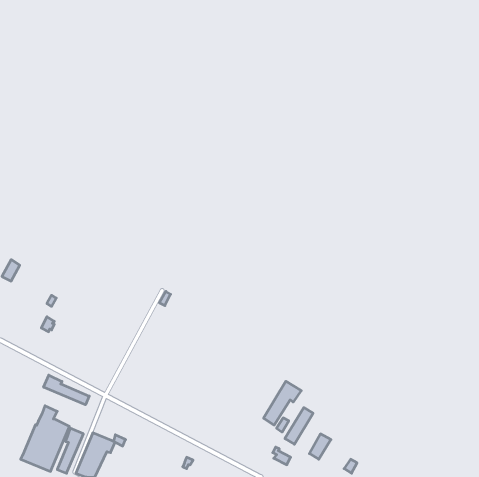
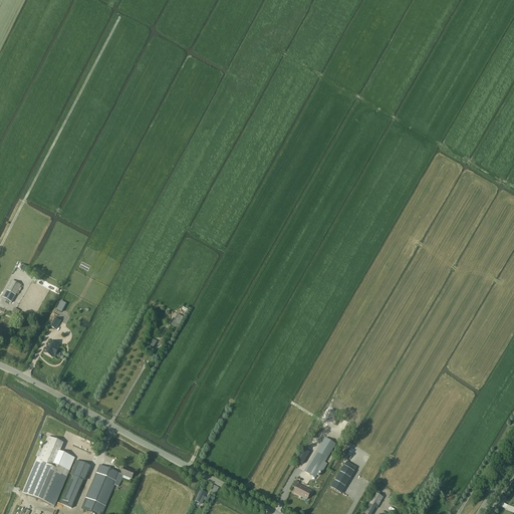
building: [44,375,89,405] -> none
building: [264,381,301,425] -> none

